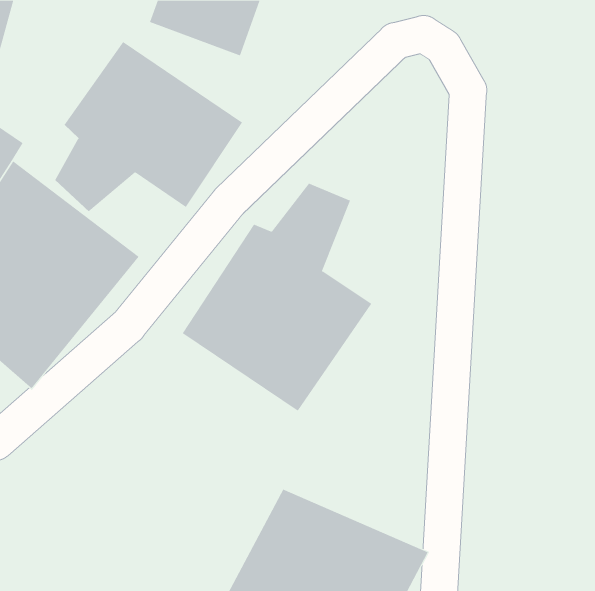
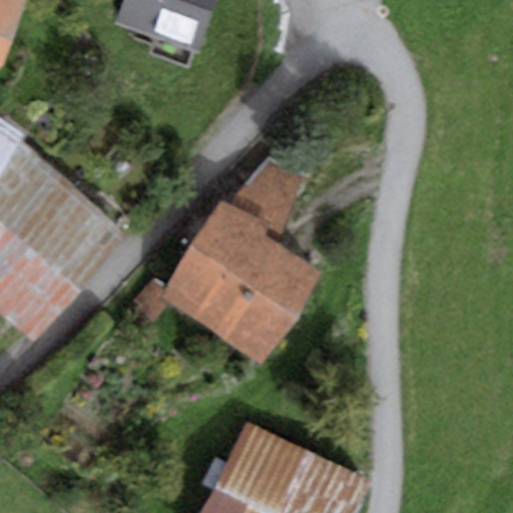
building: [55,41,243,212] -> none

